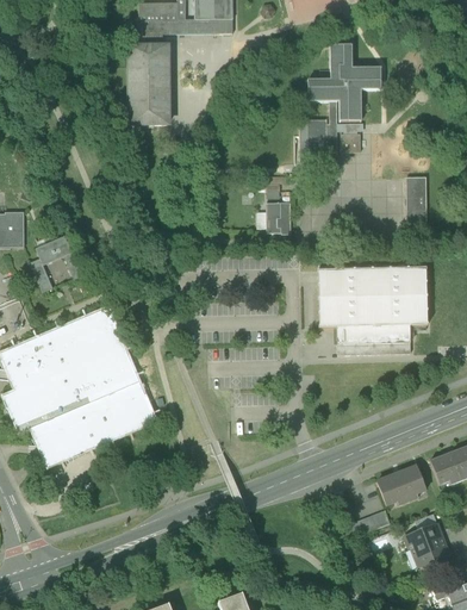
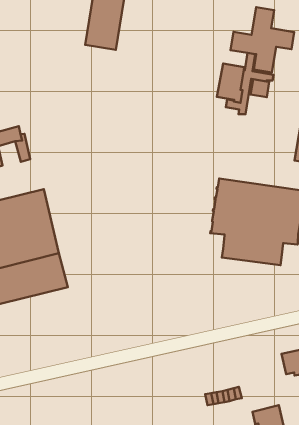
building: [266,201,291,234] -> none
building: [375,465,425,504] -> none

